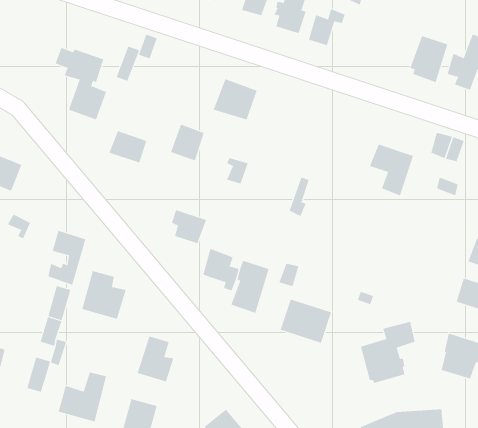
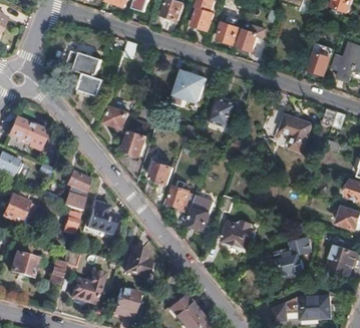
building: none -> [208,97,237,127]
building: [170,124,204,161] -> [122,130,145,155]

